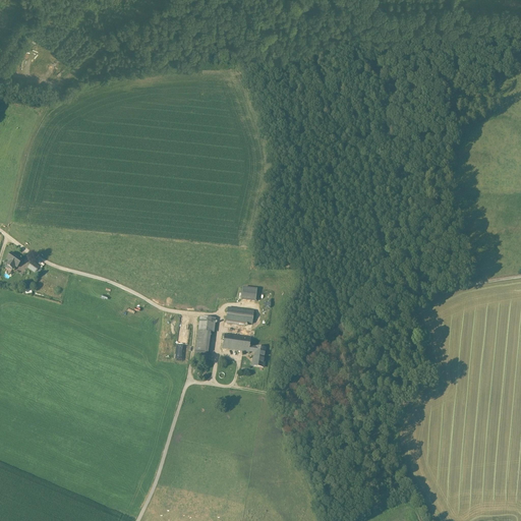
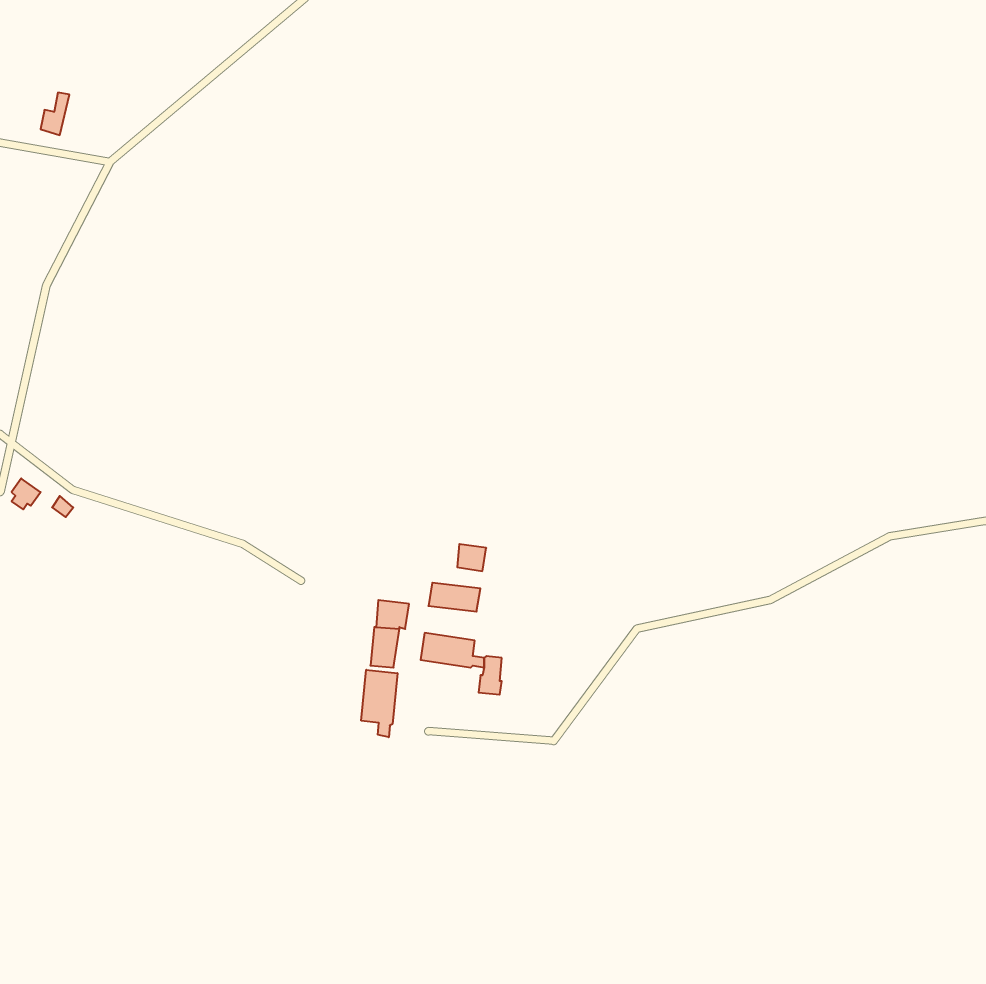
building: none -> [361,670,397,737]

